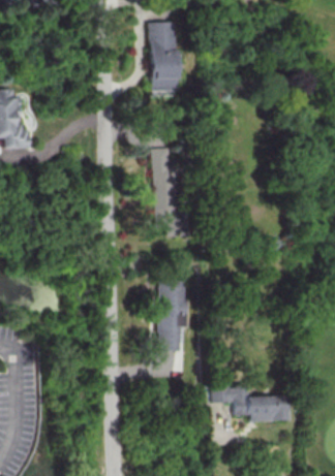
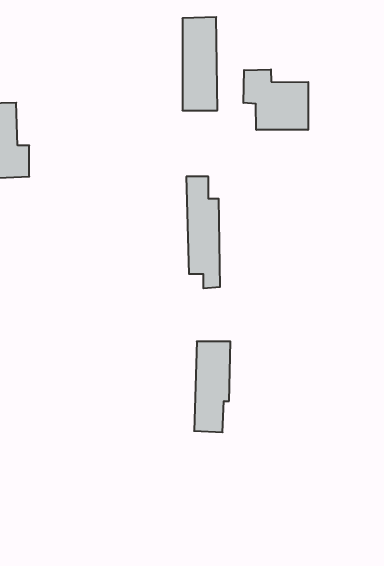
building: none -> [243,69,308,130]
building: [213,385,291,421] -> none

